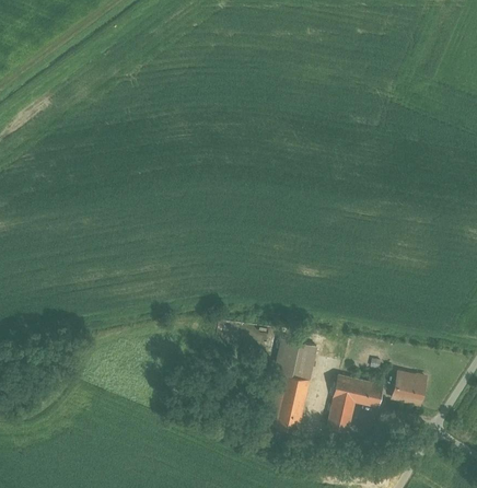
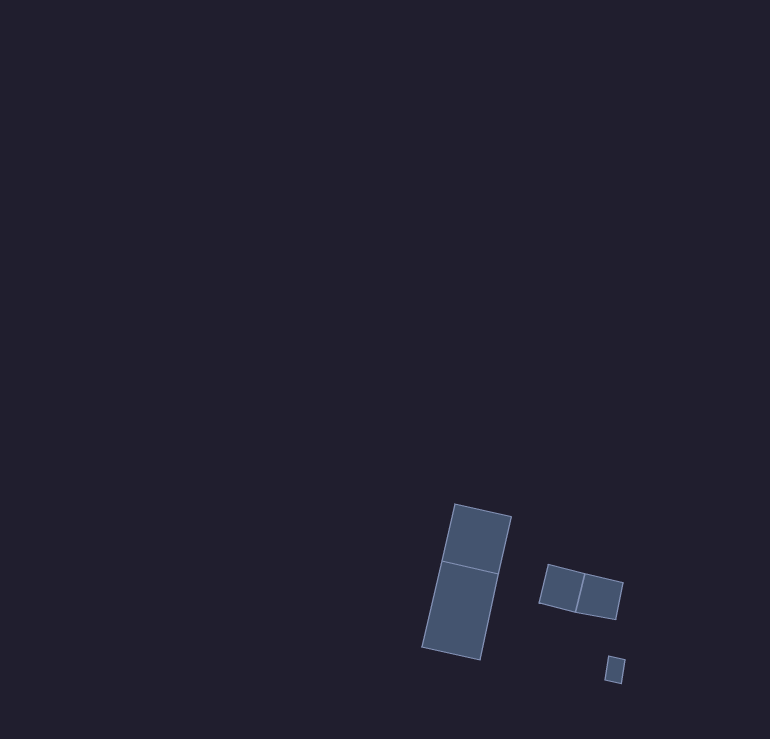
building: [392,372,427,404] -> none
building: [328,396,356,430] -> none

